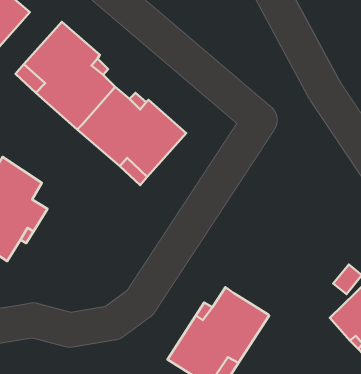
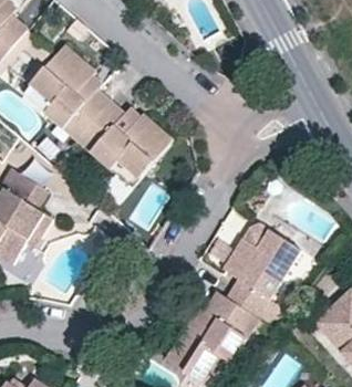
building: none -> [221,223,299,316]

